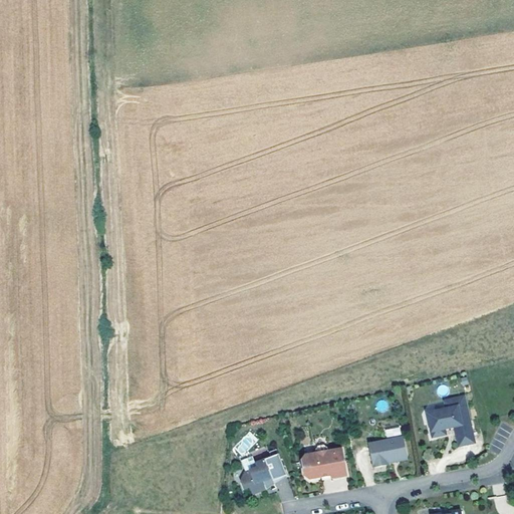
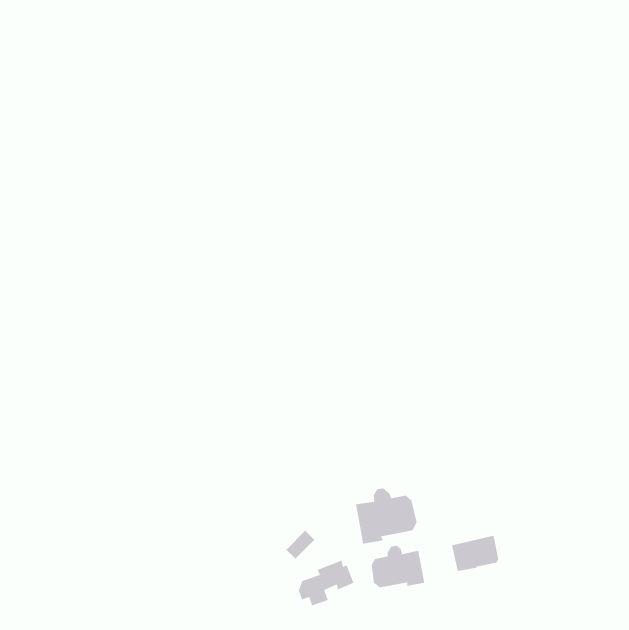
building: [428,395,473,444] -> none
building: none -> [355,488,417,544]

